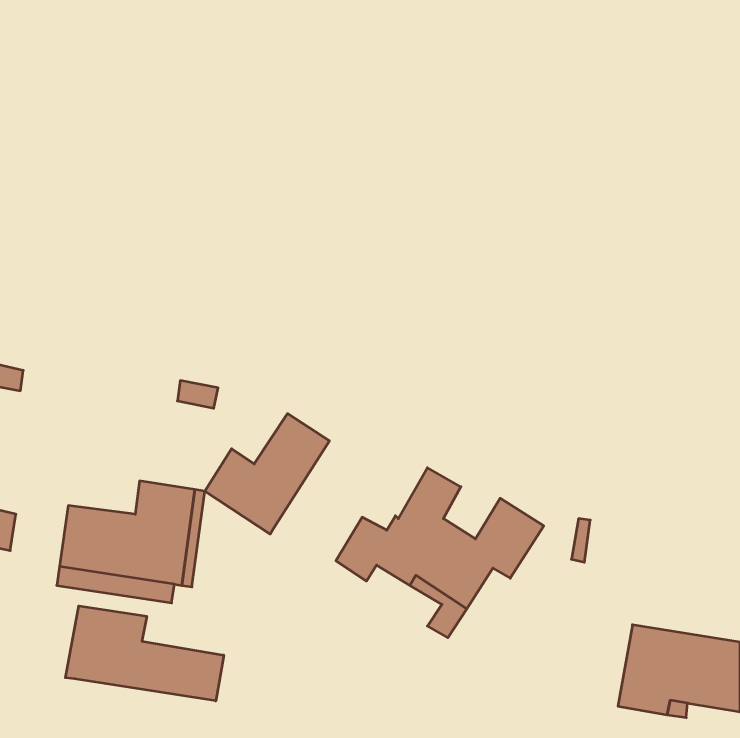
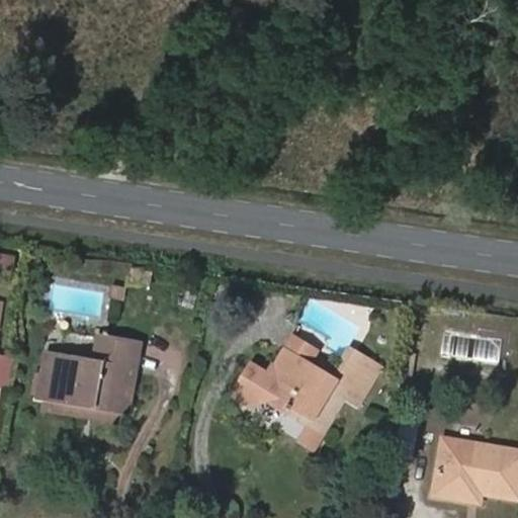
building: [205,414,329,534] -> none
building: [65,606,224,701] -> none

